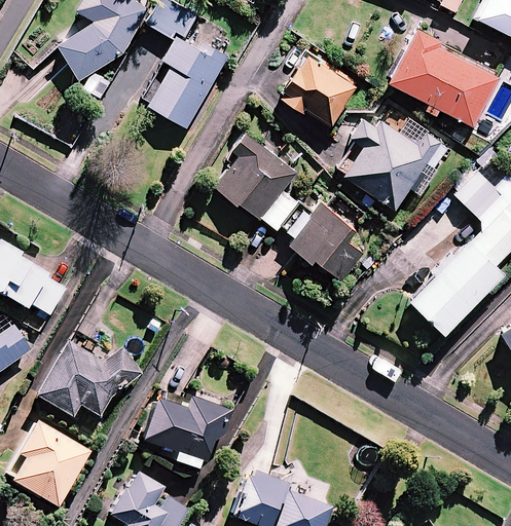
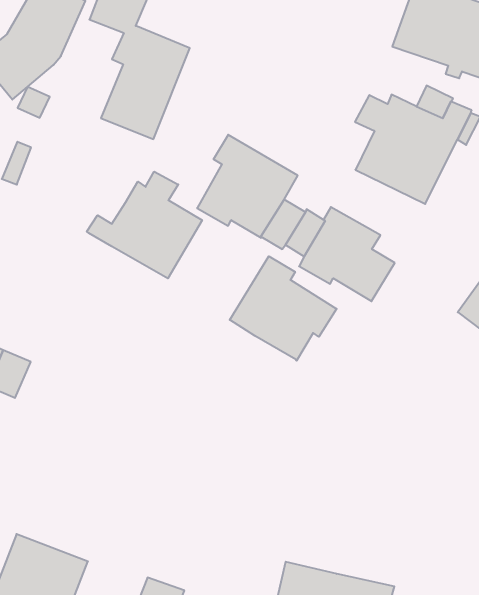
building: [280,54,357,125] -> none
building: none -> [87,172,202,278]
building: none -> [230,256,337,361]
building: [35,344,139,419] -> none
building: [140,396,230,464] -> none

